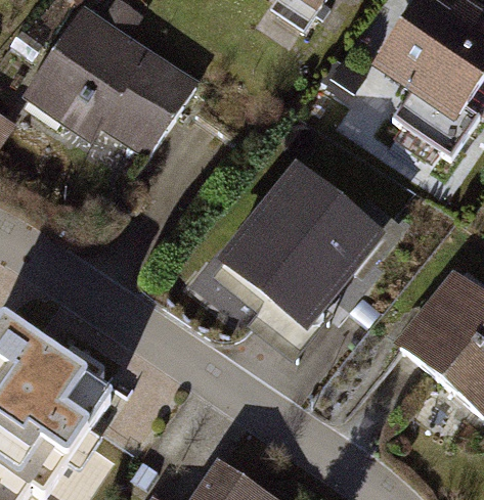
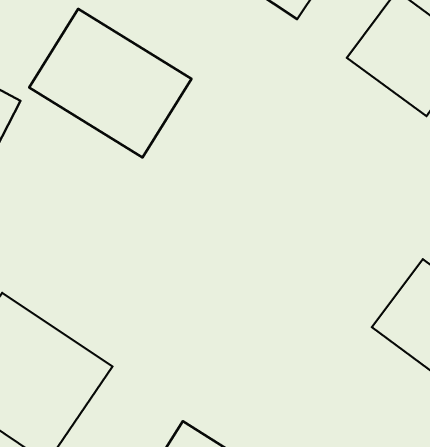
building: [212,153,385,327] -> none

